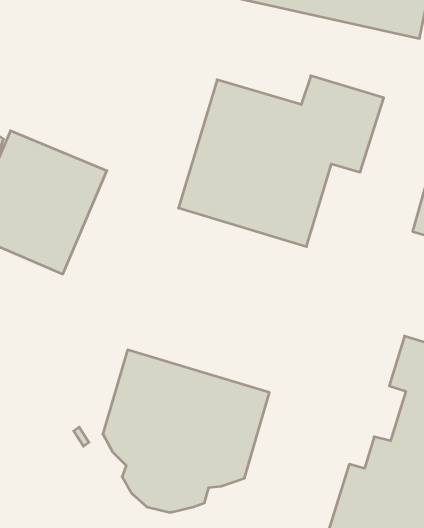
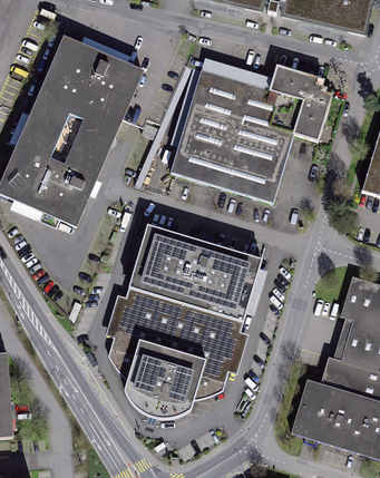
building: none -> [35,37,143,142]
building: none -> [129,225,262,321]

